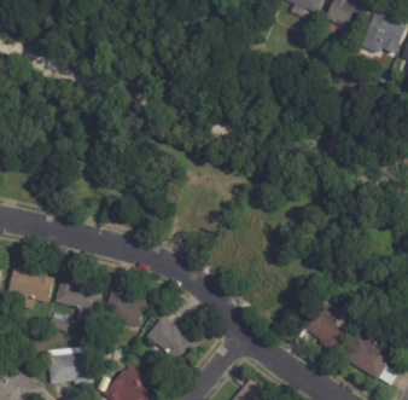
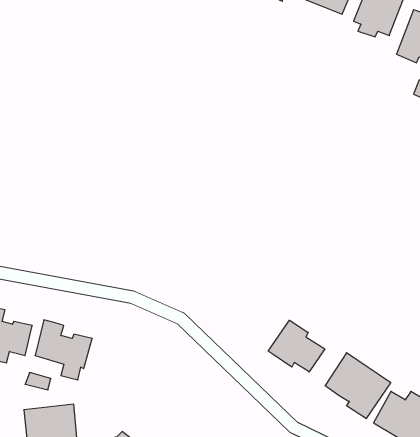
building: none -> [268,320,325,372]
building: [105,286,146,326] -> none
building: [146,318,199,364] -> none

